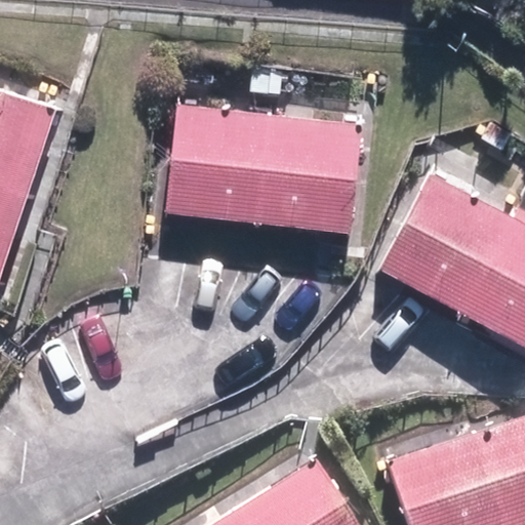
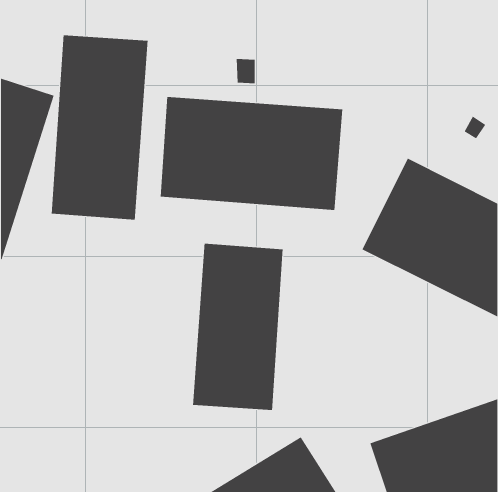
building: none -> [51,35,148,221]
building: none -> [193,243,283,411]

